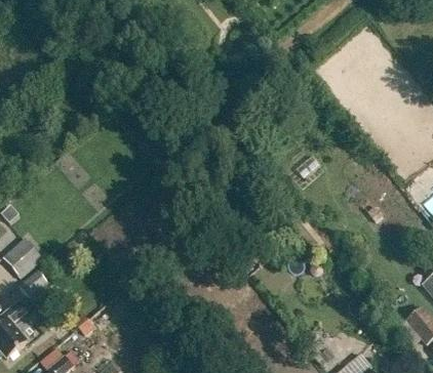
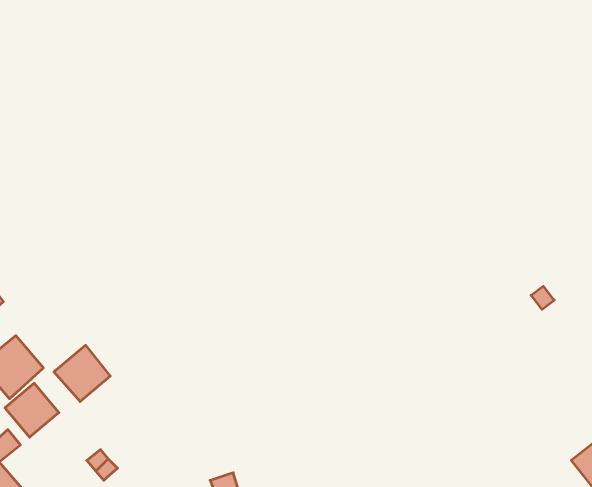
building: none -> [54,345,110,402]

